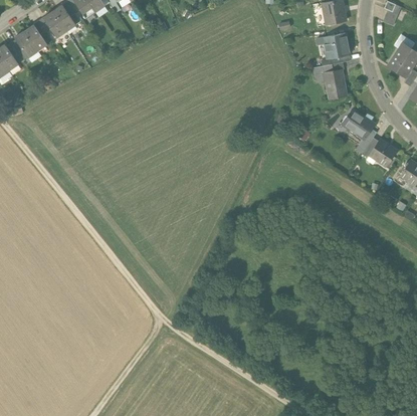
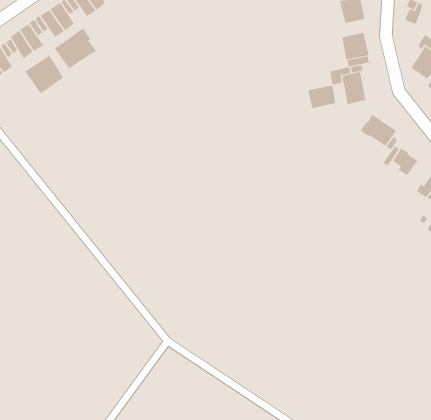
building: none -> [54,28,97,69]
building: none -> [24,55,64,94]
building: none -> [308,85,336,109]

